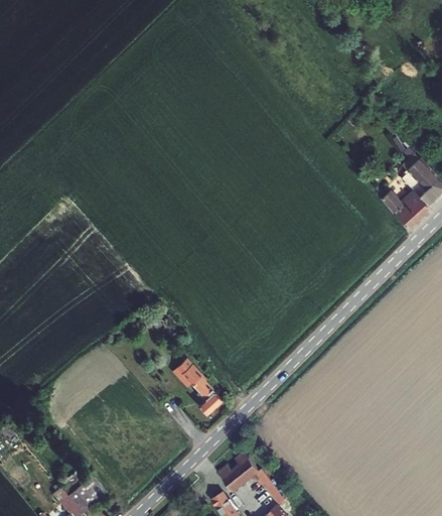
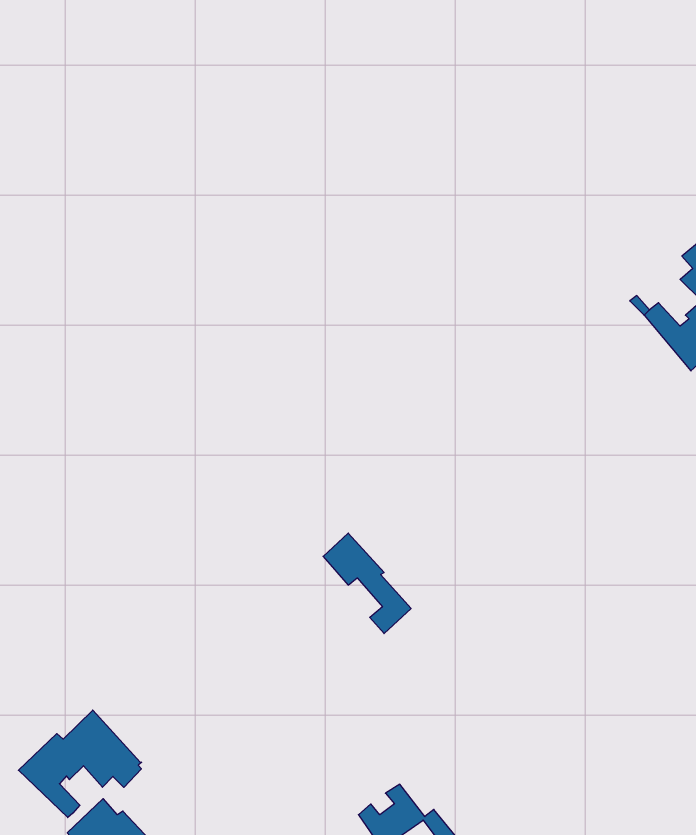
building: [172,358,222,414] -> [323,533,411,634]
building: none -> [18,710,142,818]

